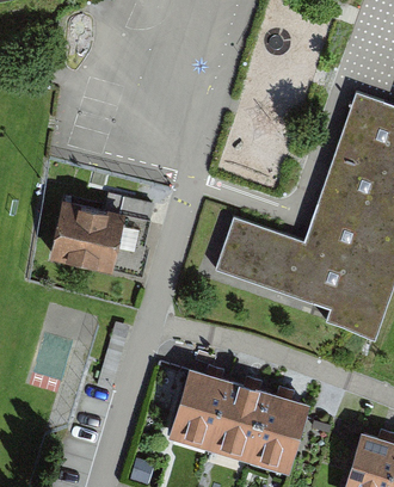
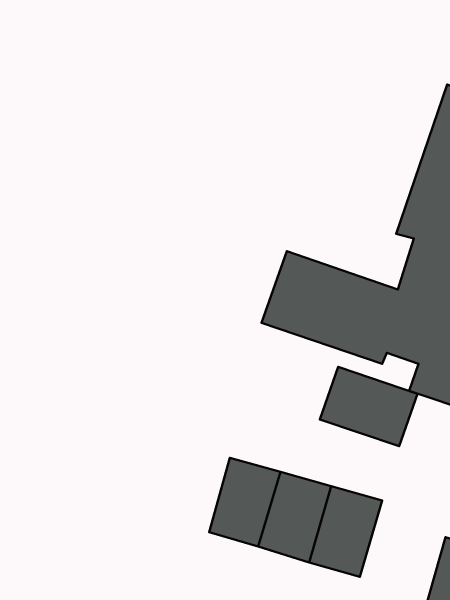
building: [43,202,118,273] -> none
building: none -> [320,367,417,446]

